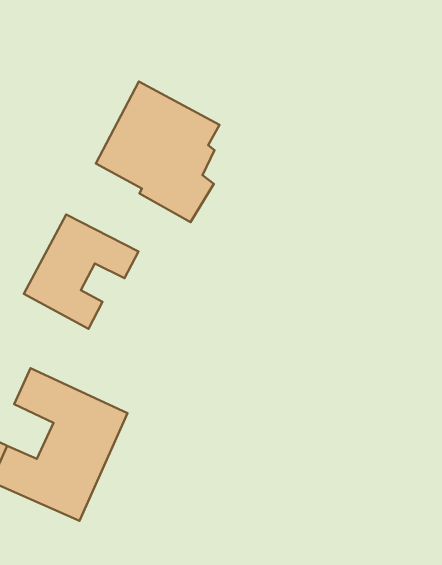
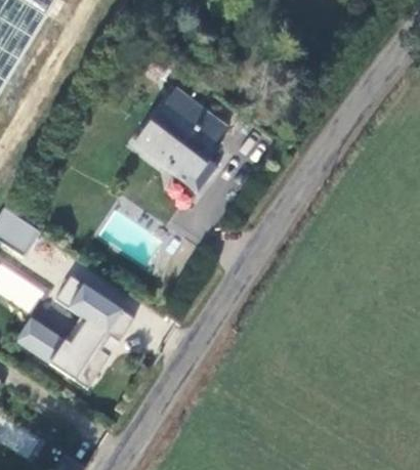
building: [24,214,138,329] -> none

